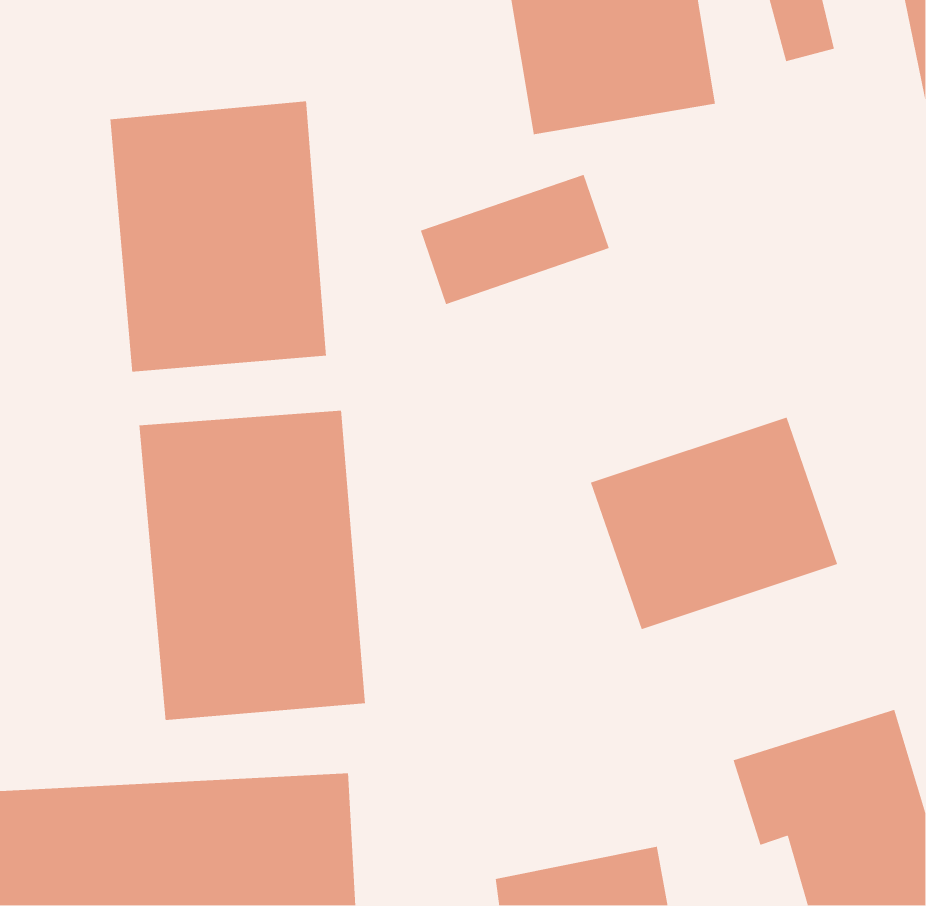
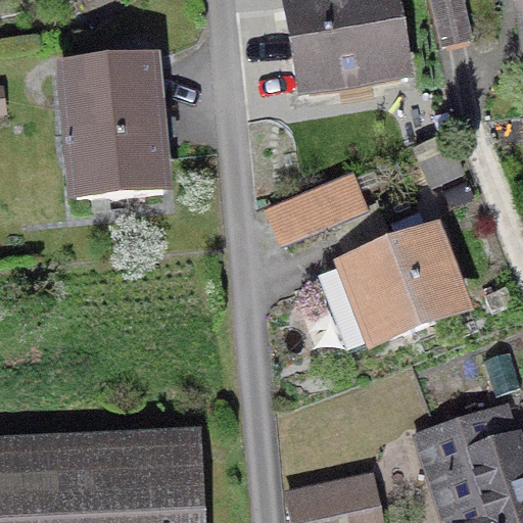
building: [420,174,610,305] -> [260,173,367,246]
building: [139,410,366,721] -> none

